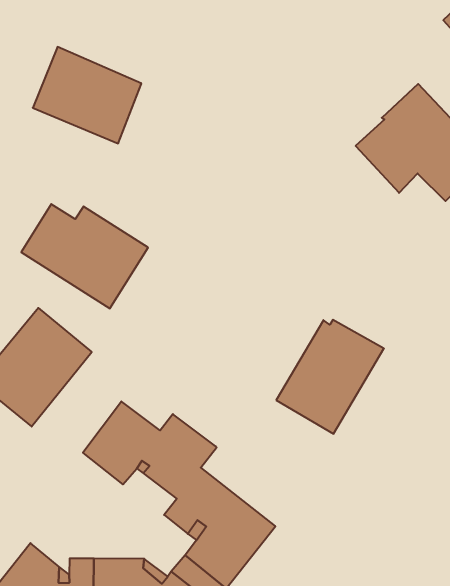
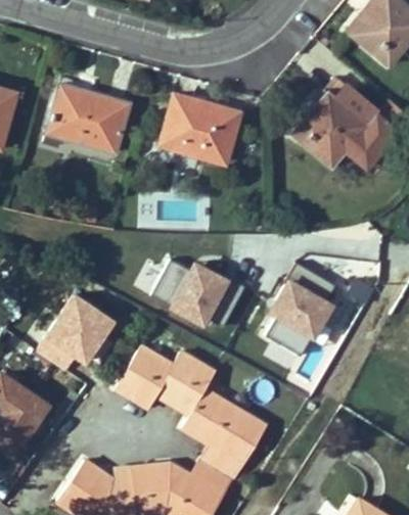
building: none -> [162,94,241,165]
building: [21,204,148,308] -> [150,253,245,328]

